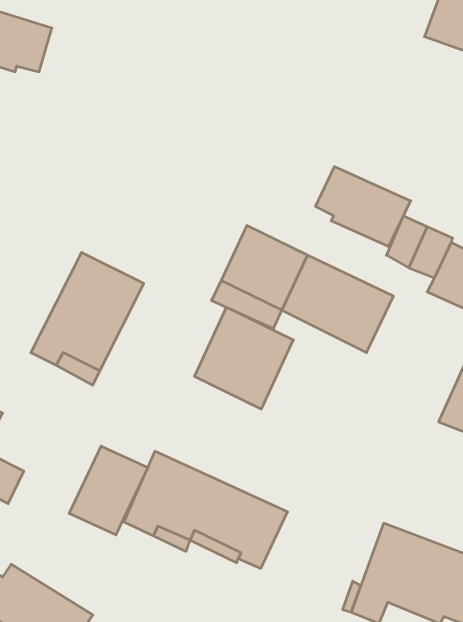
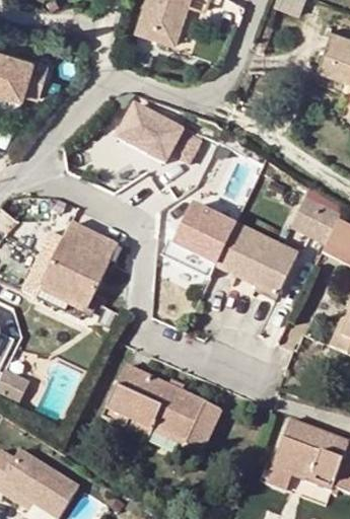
building: none -> [118,107,202,164]
building: [316,167,411,247] -> none
building: [195,307,293,409] -> none
building: [69,446,148,535] -> none

